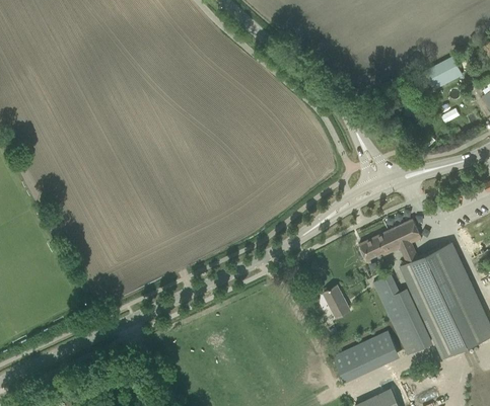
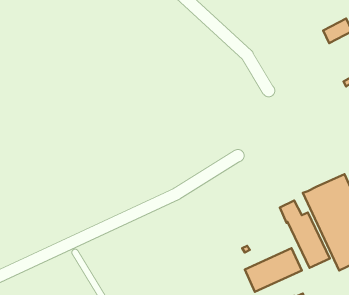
building: [360,219,423,263] -> none
building: [324,287,351,318] -> none

